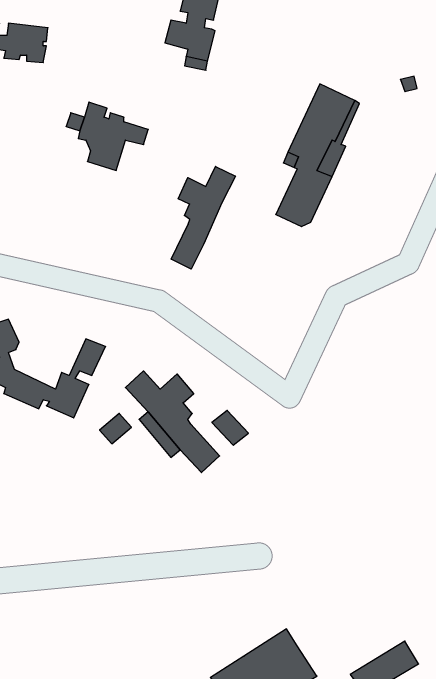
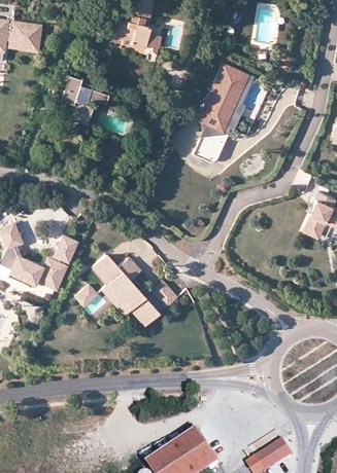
building: [171,166,235,269] -> none

